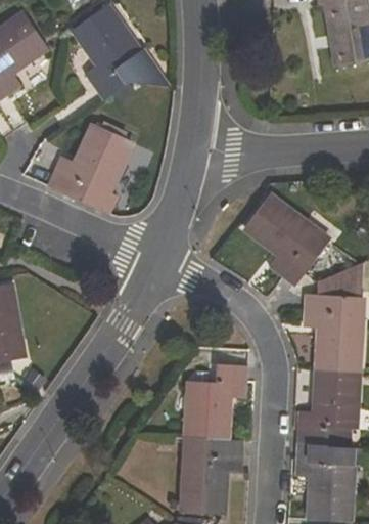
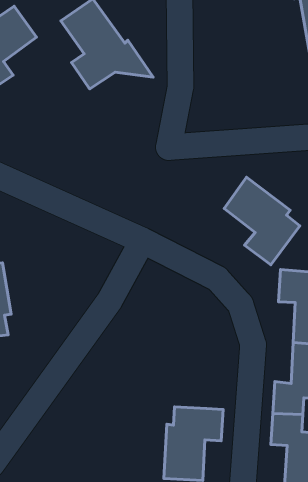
building: [48,123,132,208] -> none
building: [186,360,247,437] -> none

